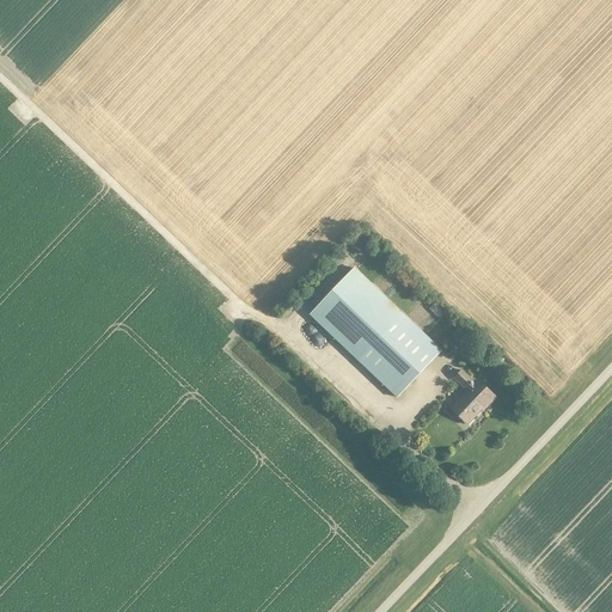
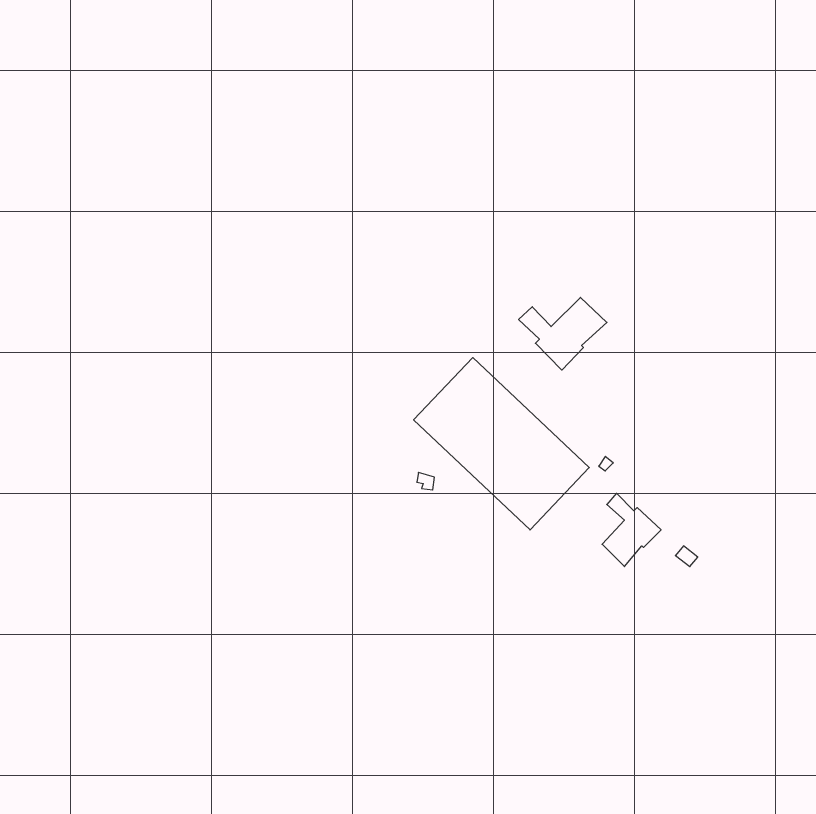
building: none -> [519,297,607,370]

